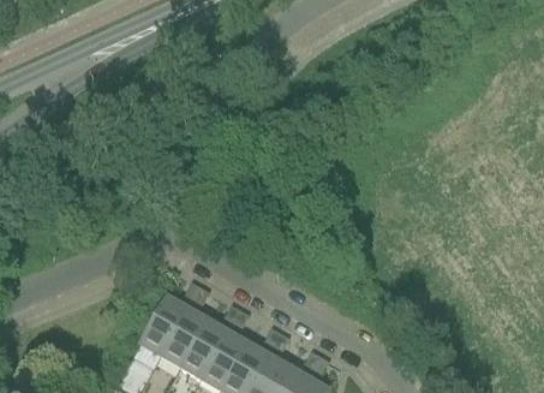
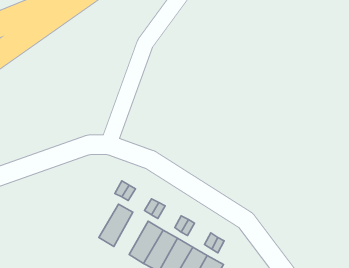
building: [138,294,185,351] -> none
building: [179,317,225,374] -> none

